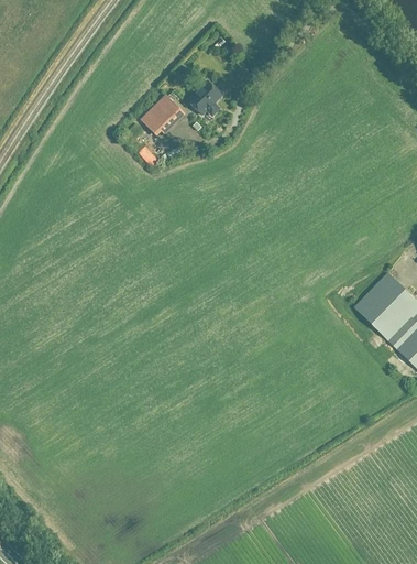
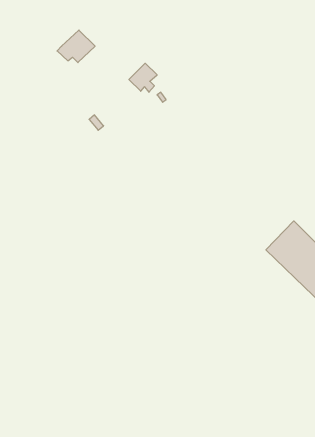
building: [139,95,185,134] -> [57,30,95,63]

